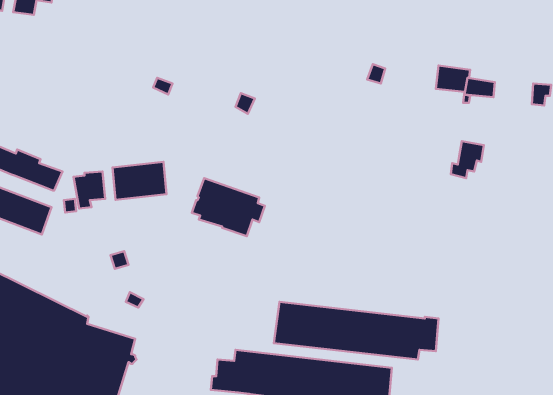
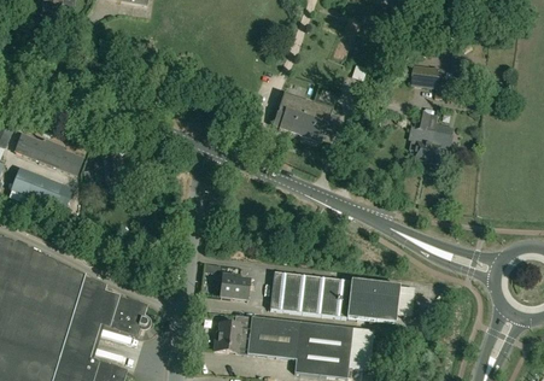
building: none -> [409,124,434,159]
building: [113,162,166,200] -> none
building: [192,178,265,236] -> [273,92,337,142]
building: none -> [220,274,248,299]

